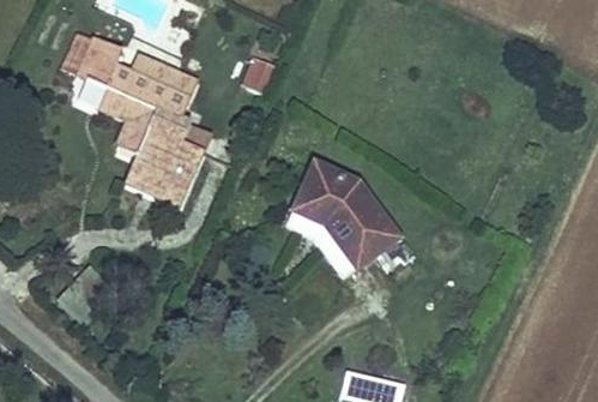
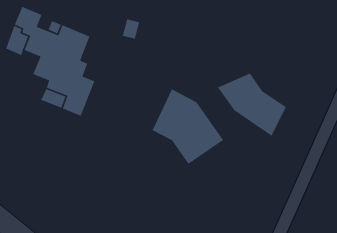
building: none -> [217,73,287,137]

